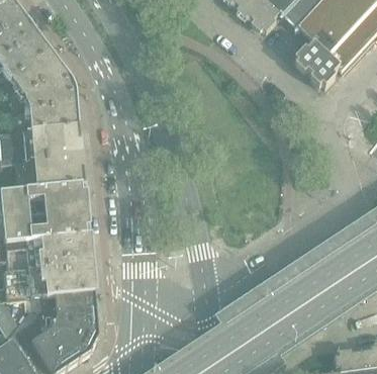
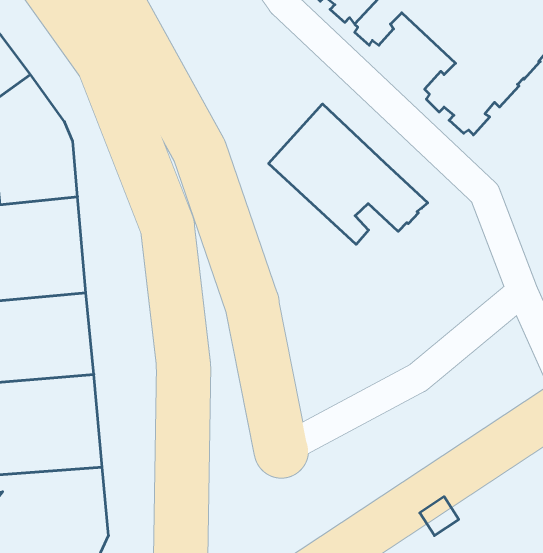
building: none -> [269,104,428,244]

